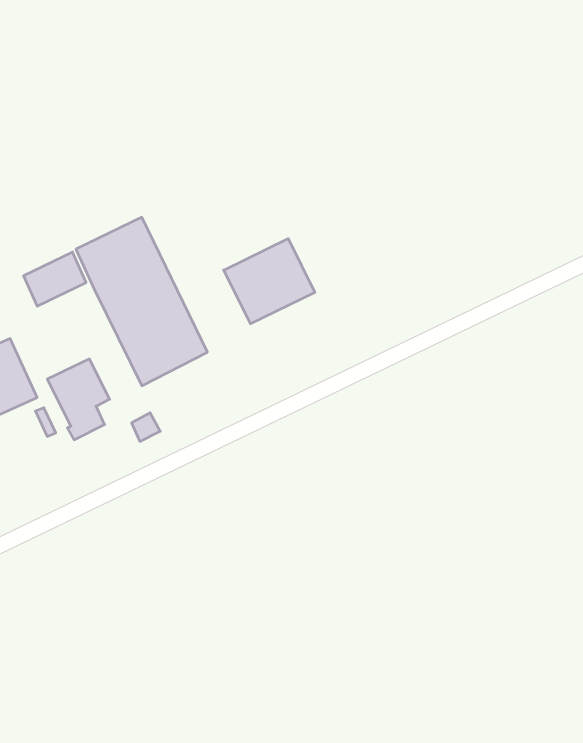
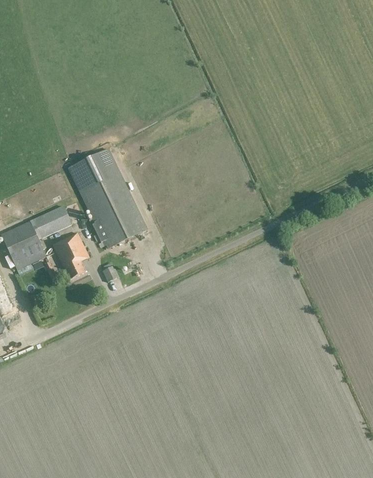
building: [224,239,315,324] -> none
building: [24,252,86,306] -> [34,205,71,237]

